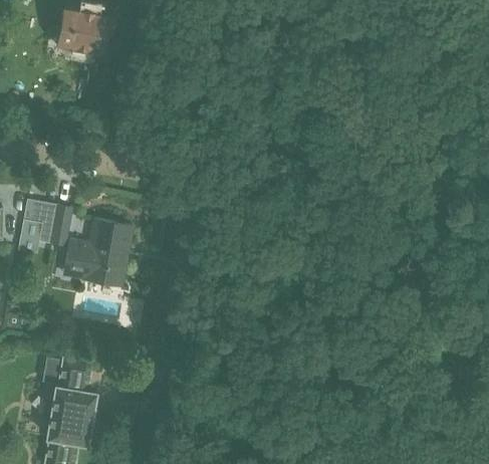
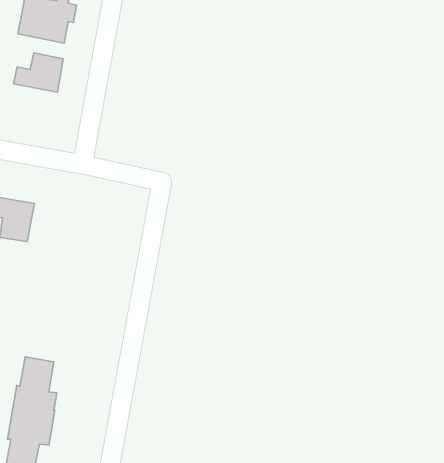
building: none -> [14,53,63,92]
building: [62,220,131,287] -> none

